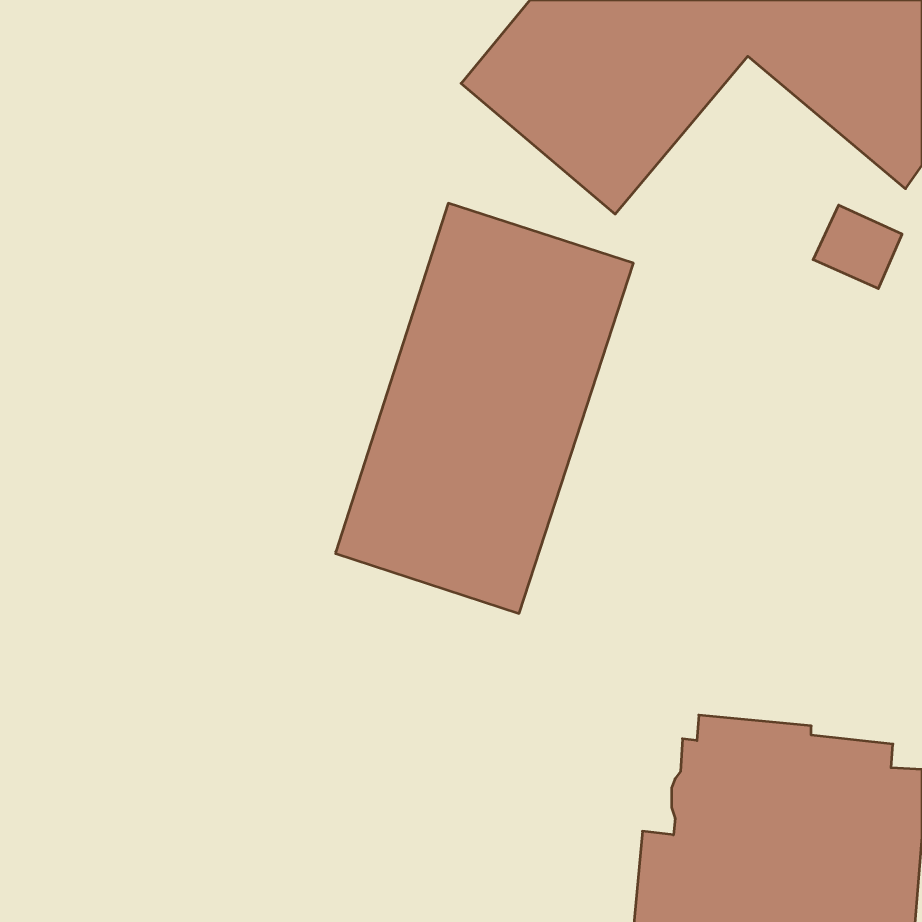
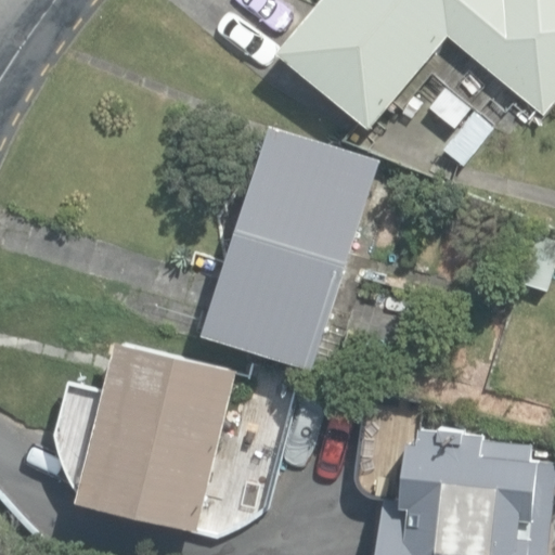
building: none -> [74,339,235,532]

